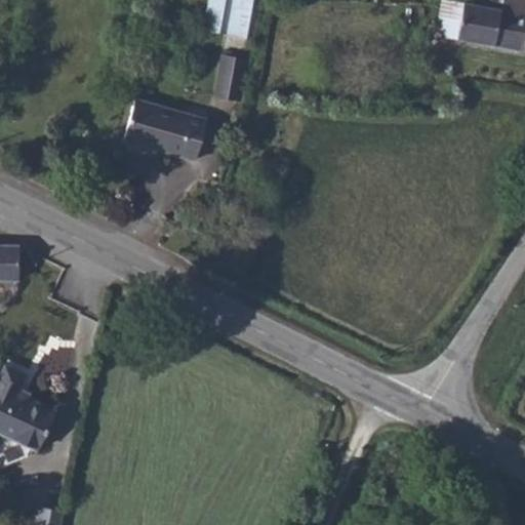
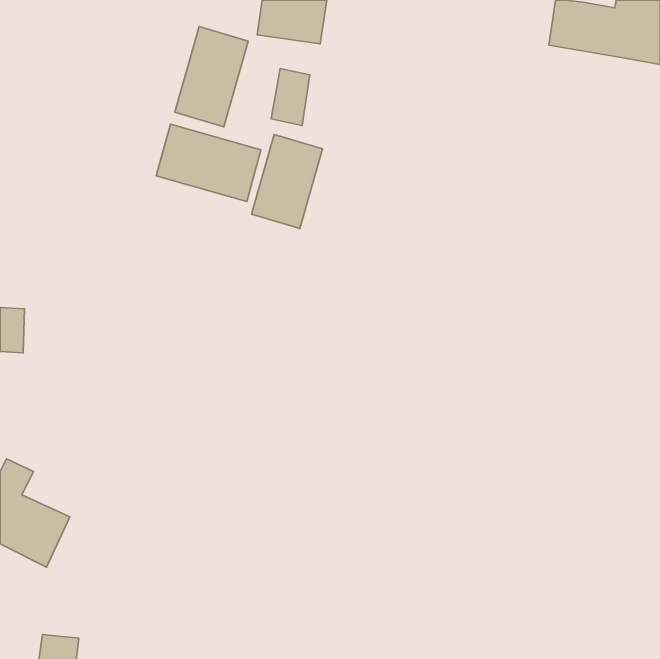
building: none -> [175,27,248,127]
building: none -> [252,135,323,229]

